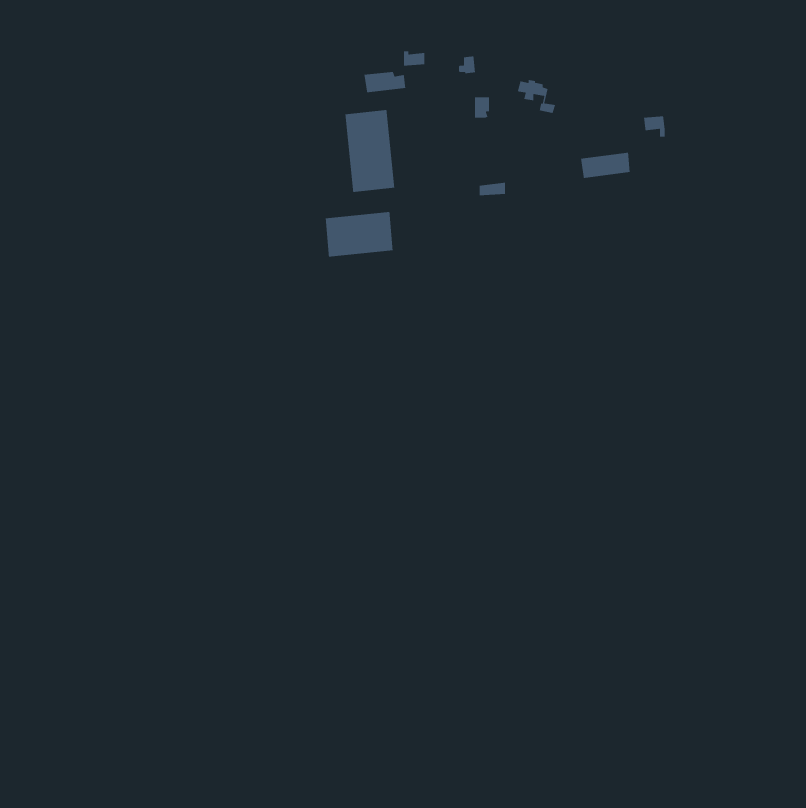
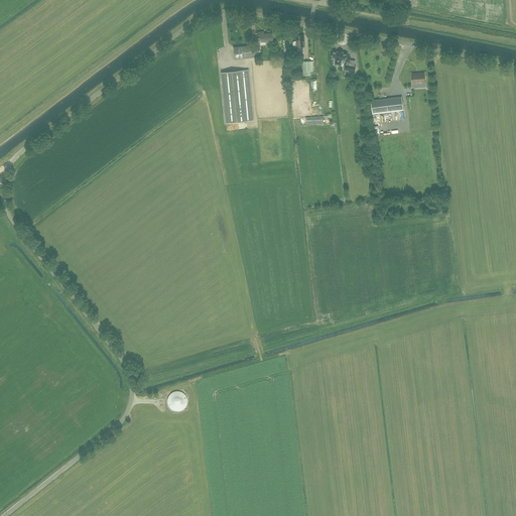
building: [325,211,394,258] -> none

